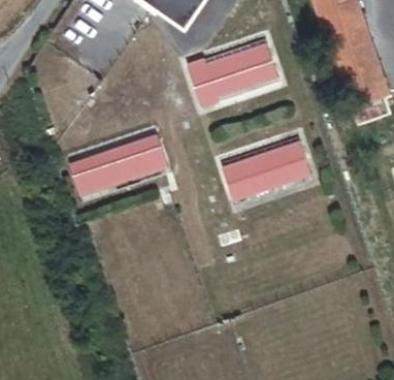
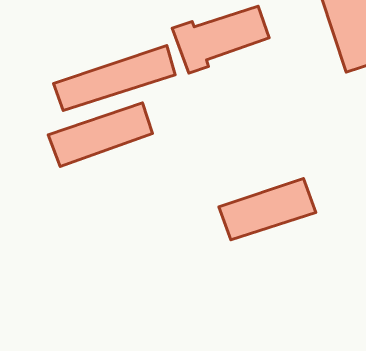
building: none -> [54,46,175,111]
building: [222,140,313,198] -> [219,178,316,240]

